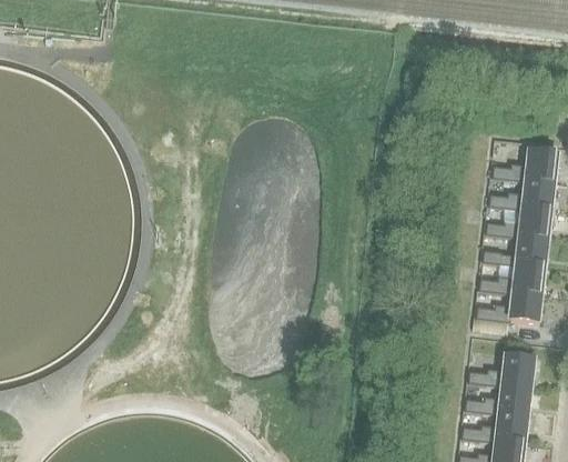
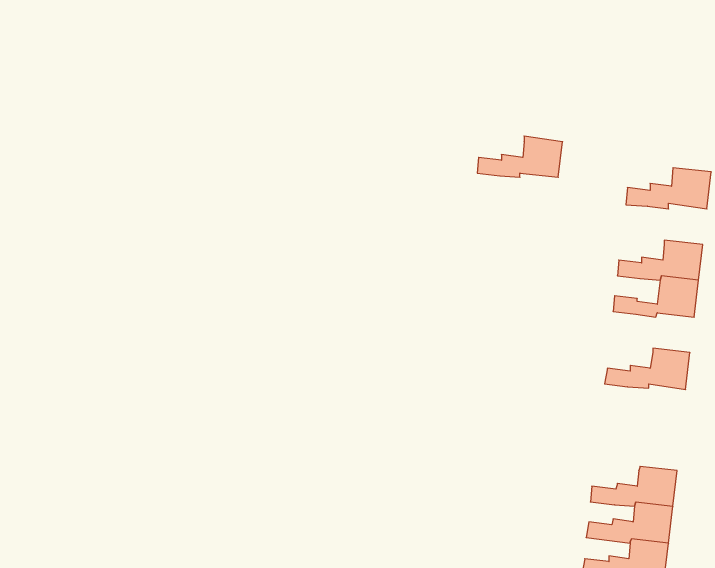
building: [488,175,555,208] -> [477,136,563,177]
building: [478,261,545,292] -> none
building: [467,352,535,384] -> none

